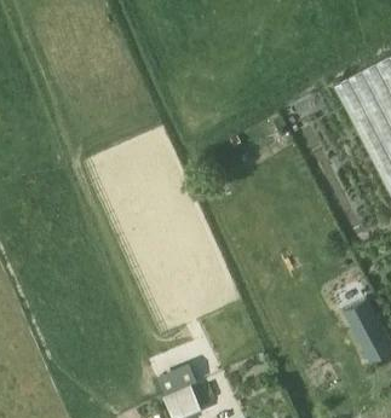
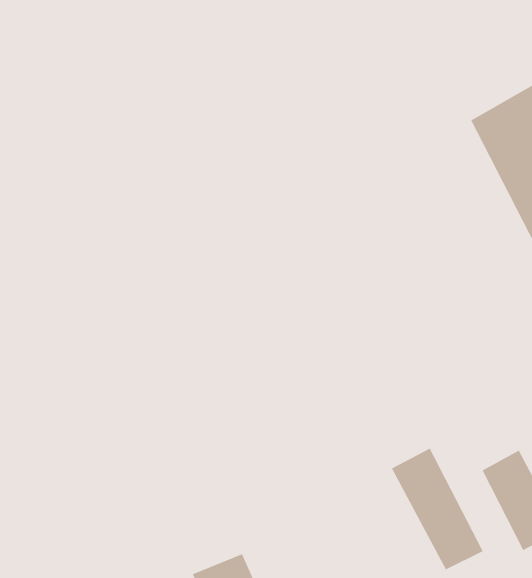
building: none -> [391,447,484,570]

